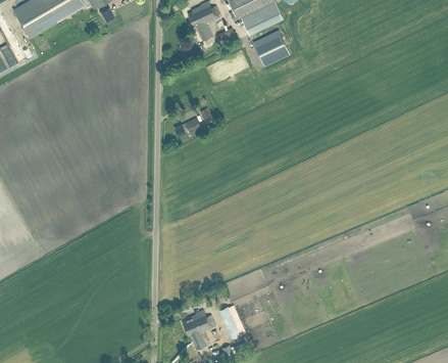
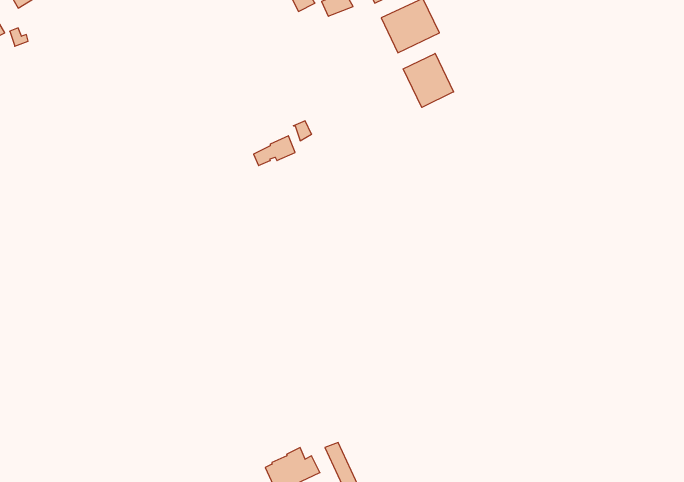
building: none -> [403,53,454,107]

